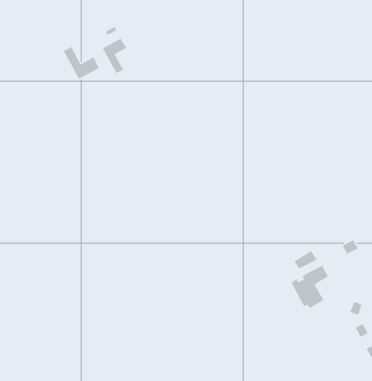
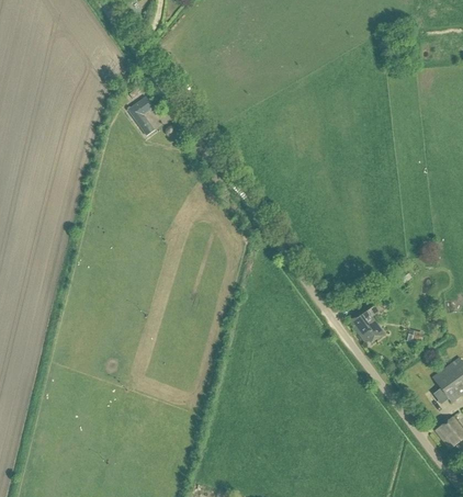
building: [63,46,100,80] -> none

